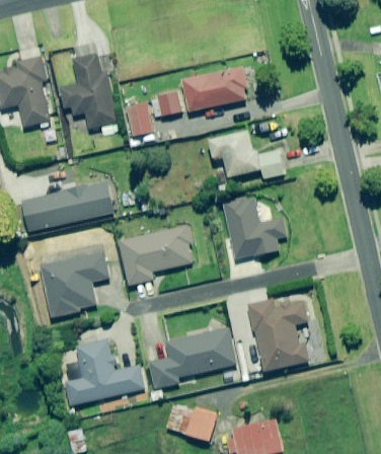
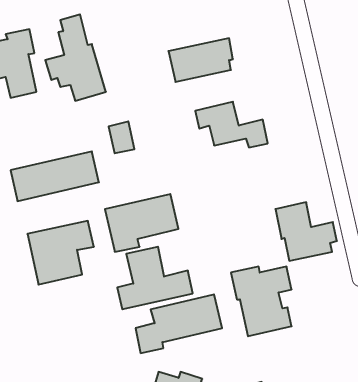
building: [153,91,185,117] -> none
building: [129,103,155,136] -> [109,121,134,153]
building: [222,199,285,258] -> [275,202,337,261]
building: [67,340,144,404] -> [117,247,193,309]

